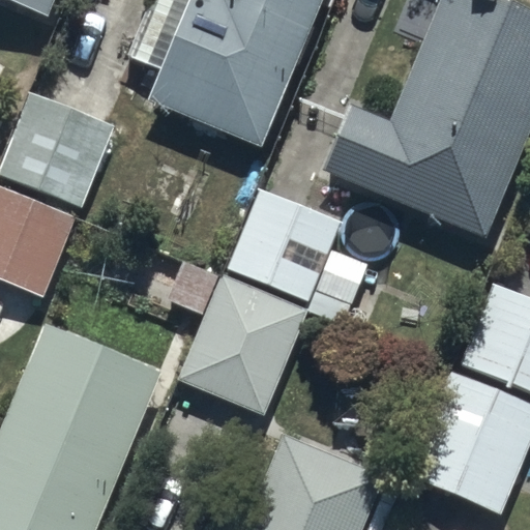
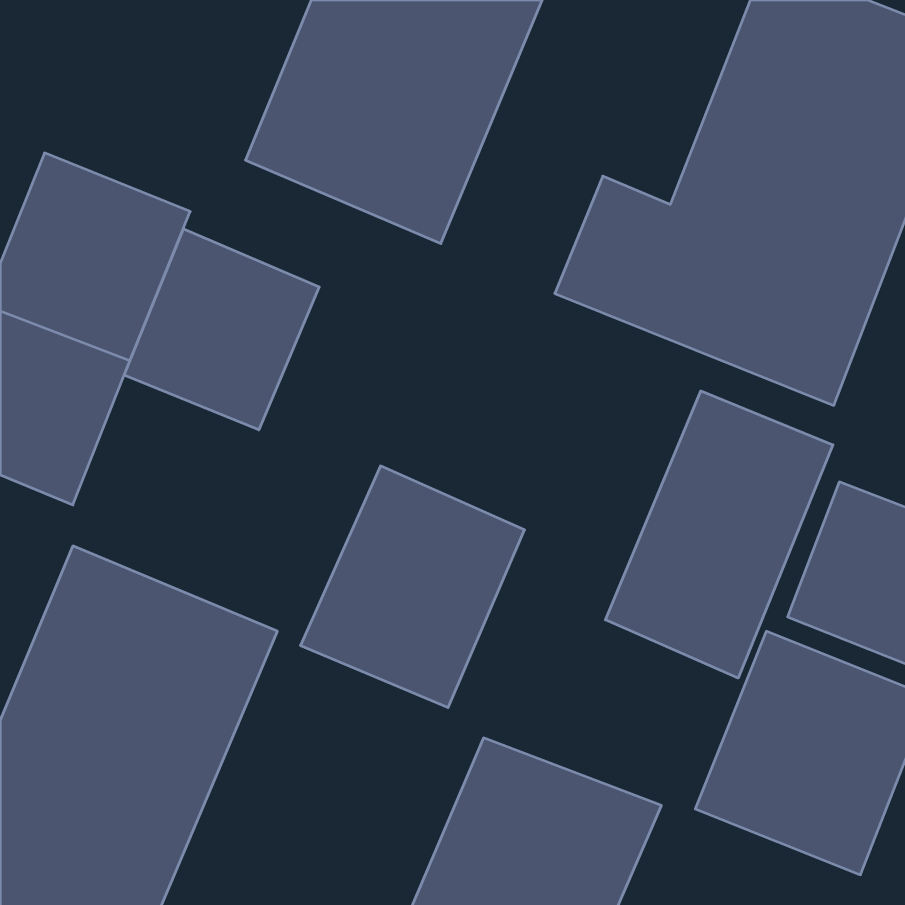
building: none -> [124,229,319,430]
building: [222,182,367,323] -> none
building: none -> [605,391,833,678]

